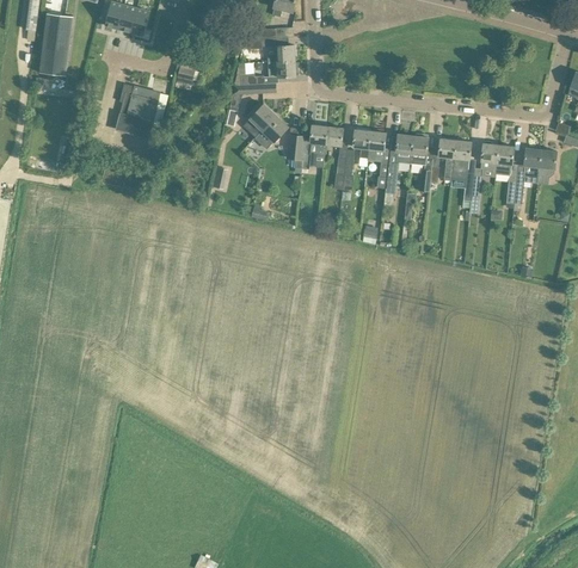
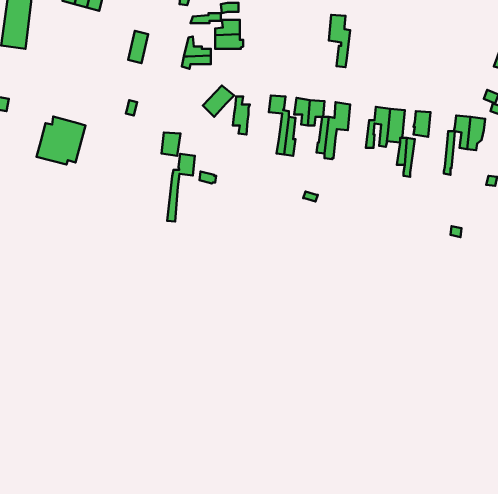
building: [115,85,167,136] -> [36,117,86,165]
building: [242,103,275,136] -> none
building: [301,124,327,168] -> none
building: [410,135,432,191] -> [329,15,350,67]
building: [496,143,516,202] -> none
building: none -> [167,154,195,221]

